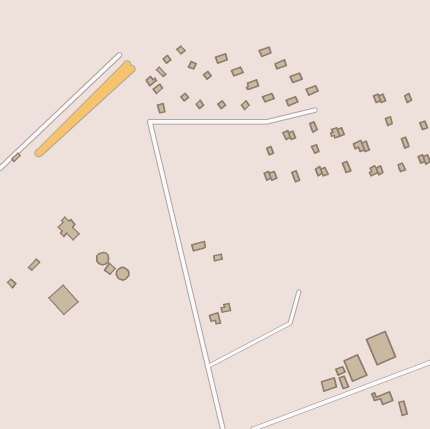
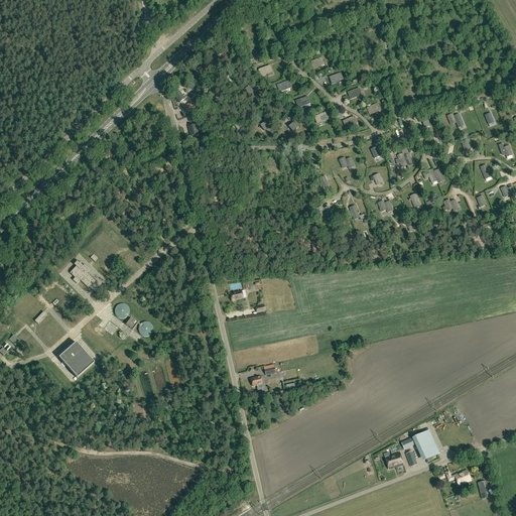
building: [367,331,396,365] -> none

